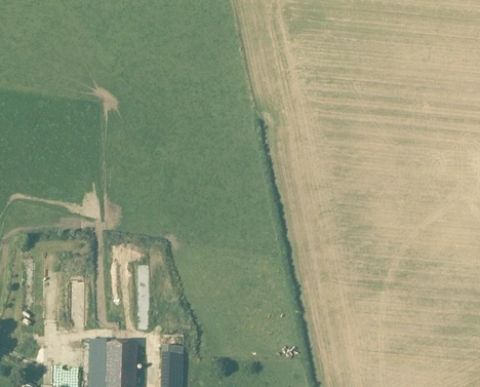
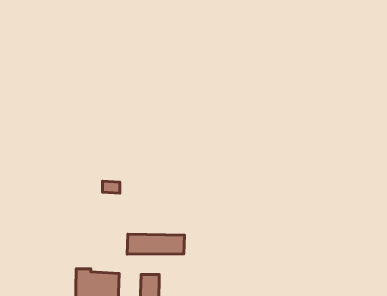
building: none -> [127,234,184,254]

